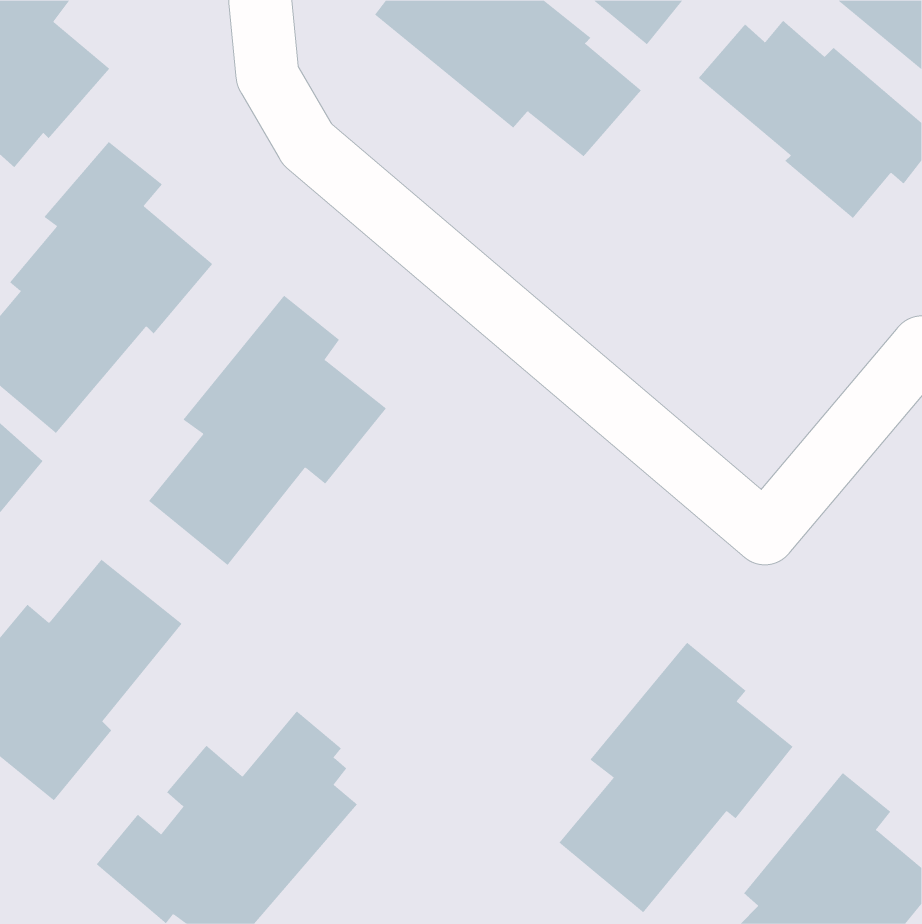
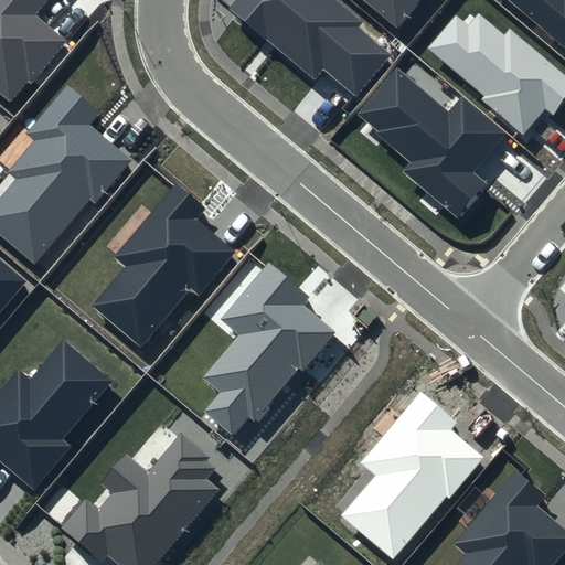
building: none -> [358,70,505,216]
building: none -> [203,264,333,436]

